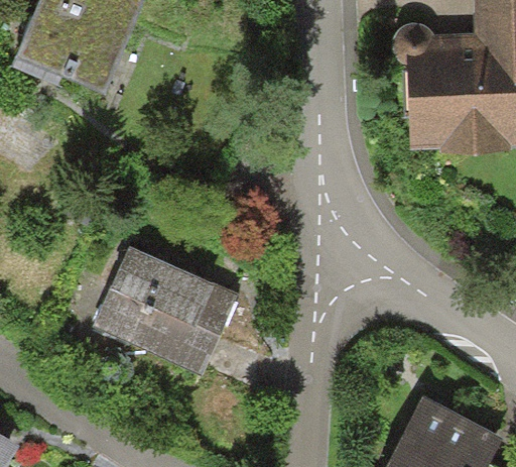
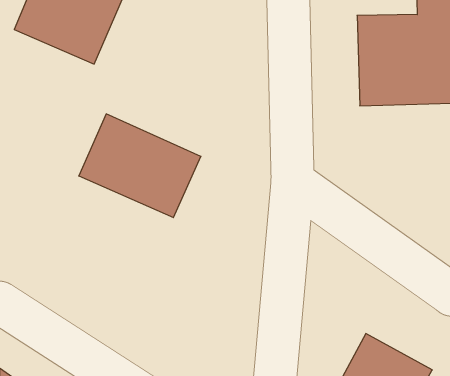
building: [95,253,234,371] -> [79,114,201,218]

